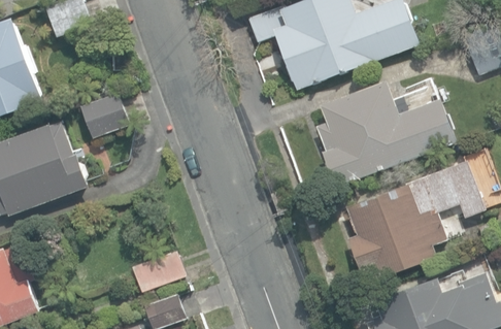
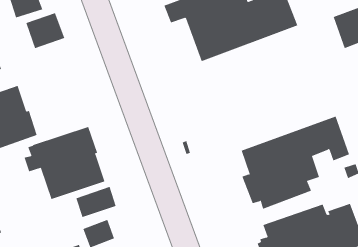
building: [316,81,457,186] -> none
building: [81,92,132,138] -> [26,12,65,49]
building: none -> [24,126,105,200]

